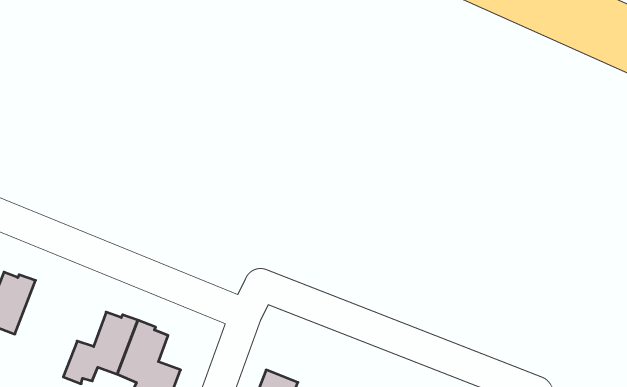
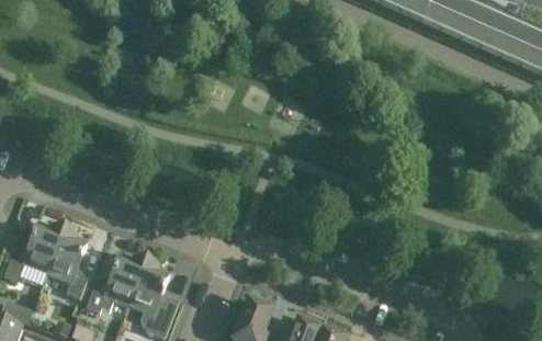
building: none -> [46,231,88,300]

